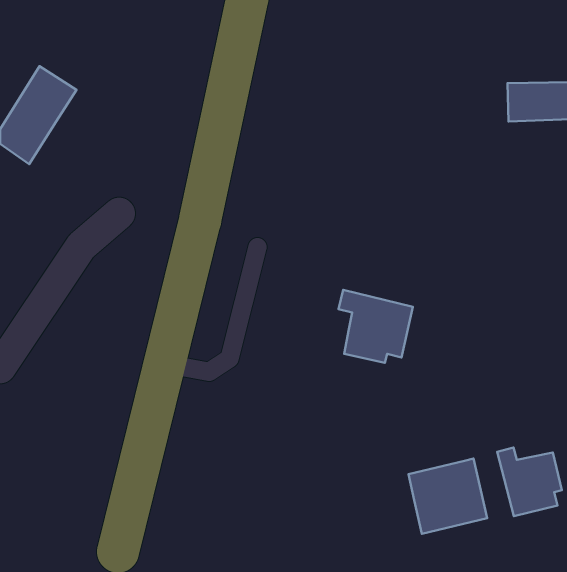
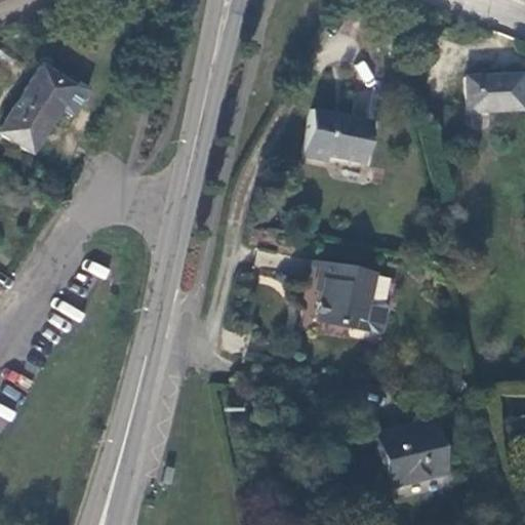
building: none -> [304,110,373,163]
building: [497,447,562,516] -> none

